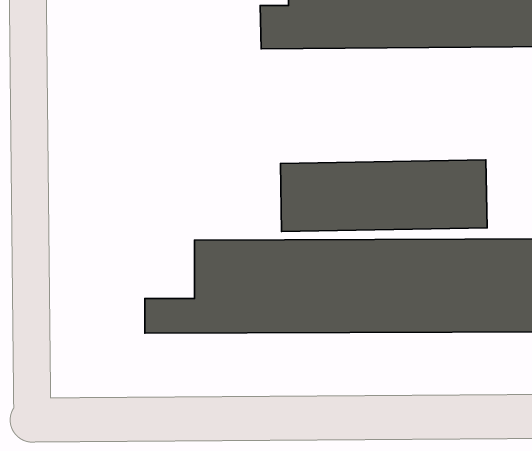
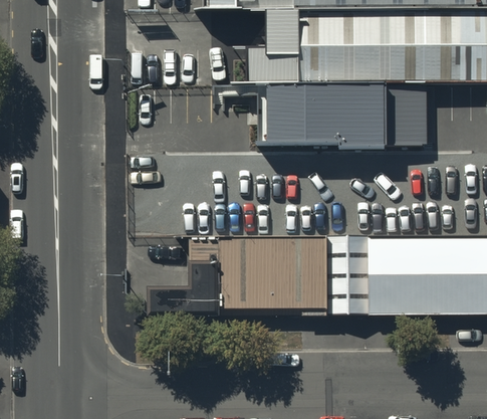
building: [280,160,487,232] -> [261,86,429,145]

